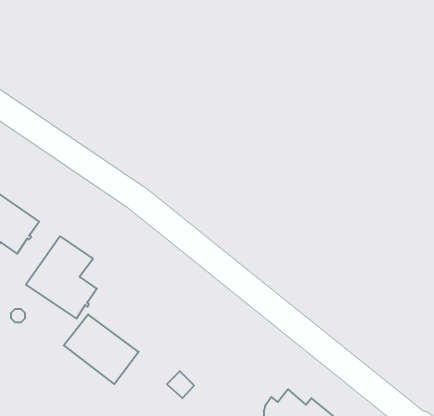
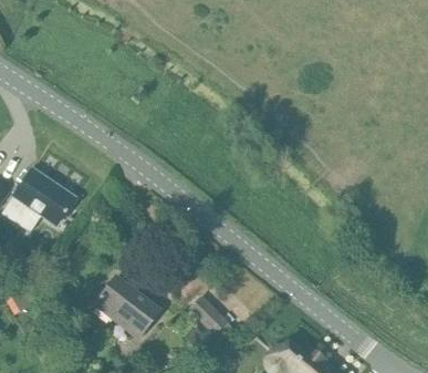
building: [26,236,97,319] -> none
building: none -> [189,297,227,333]

